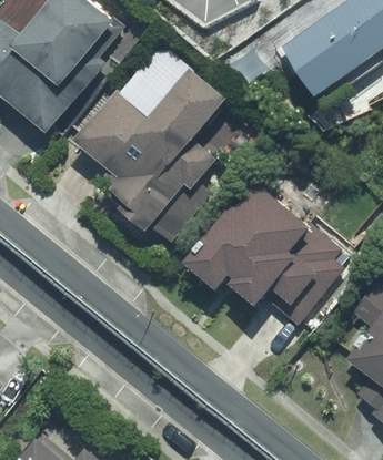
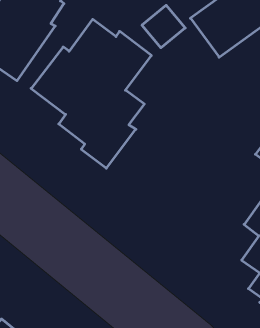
building: [192,184,344,325] -> none

